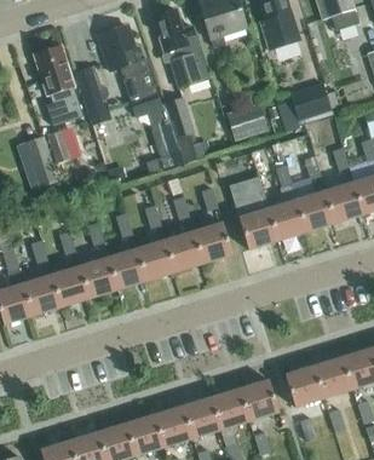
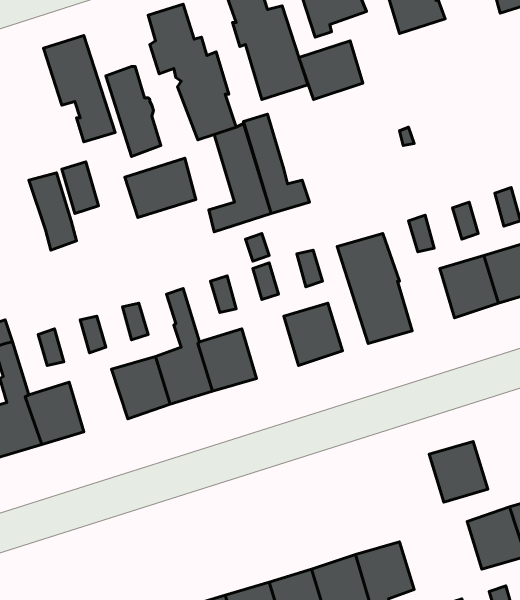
building: [288,82,332,121] -> none
building: [225,102,267,140] -> [299,41,363,100]
building: none -> [125,158,196,217]
building: [267,199,305,240] -> none
building: [165,230,202,271] -> none
building: [51,265,90,306] -> none
building: [284,366,323,406] -> [429,441,488,502]

